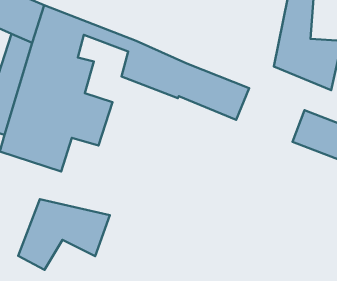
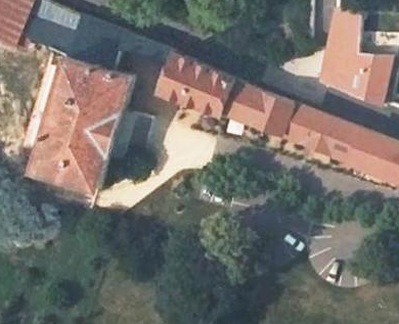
building: none -> [281,103,352,158]
building: [18,199,110,270] -> none

